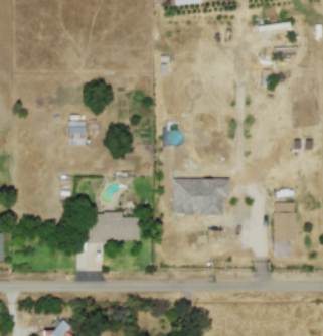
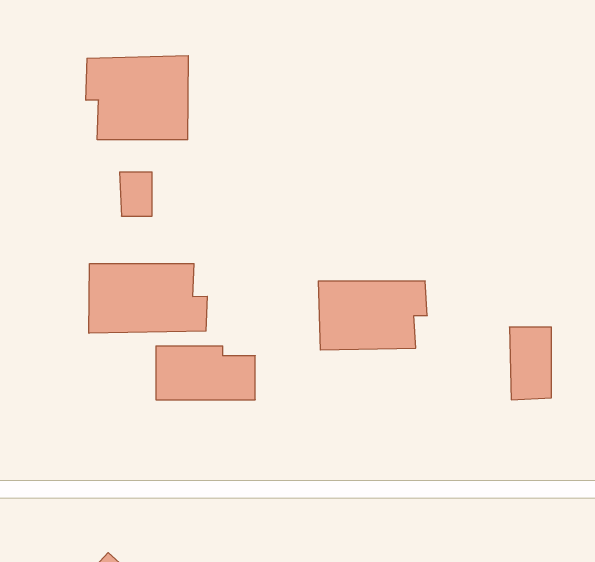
building: none -> [86,56,188,140]
building: none -> [89,264,207,333]

